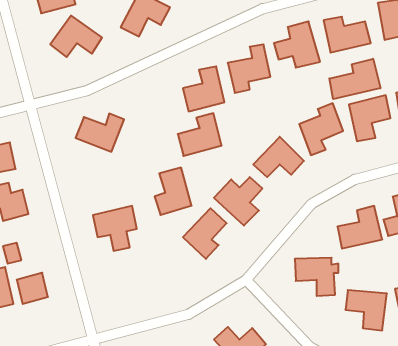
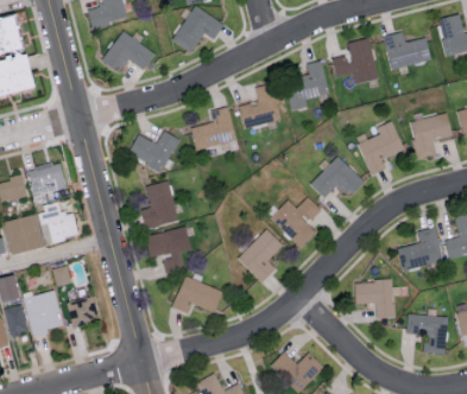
building: [329,59,380,99] -> none
building: [178,113,222,156] -> [190,107,235,151]
building: [155,168,192,215] -> [140,180,178,229]
building: none -> [171,275,222,313]

